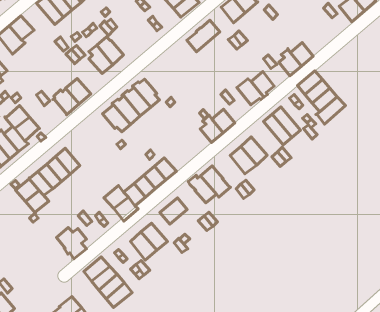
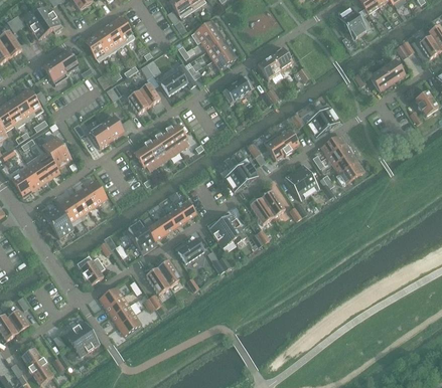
building: none -> [161,62,195,94]

